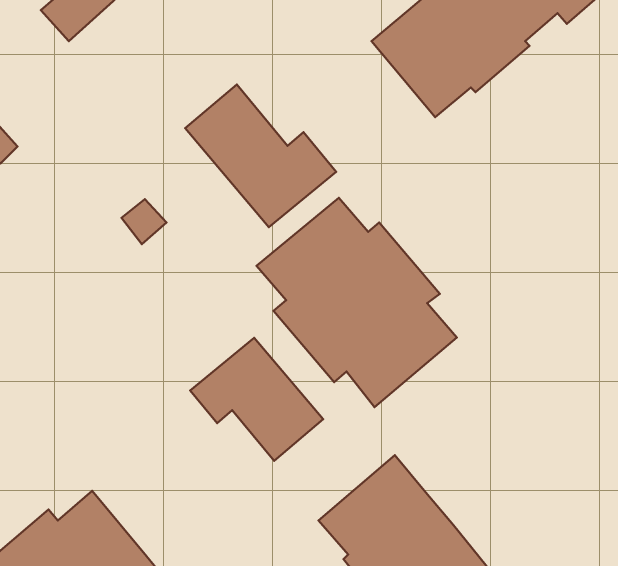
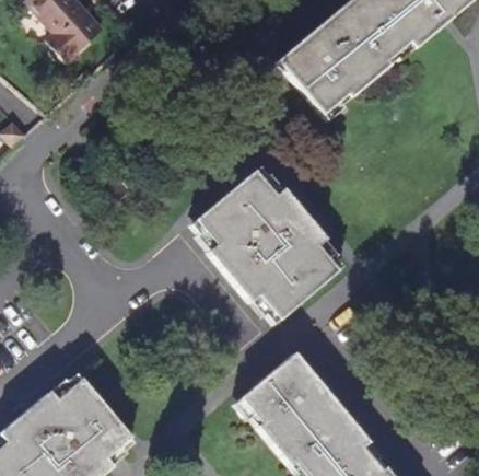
building: [185,84,336,227] -> none
building: [190,338,323,461] -> none

